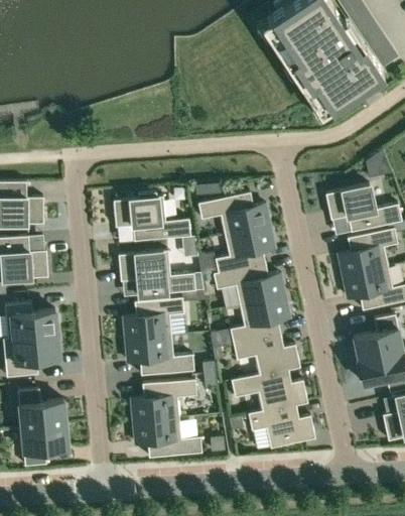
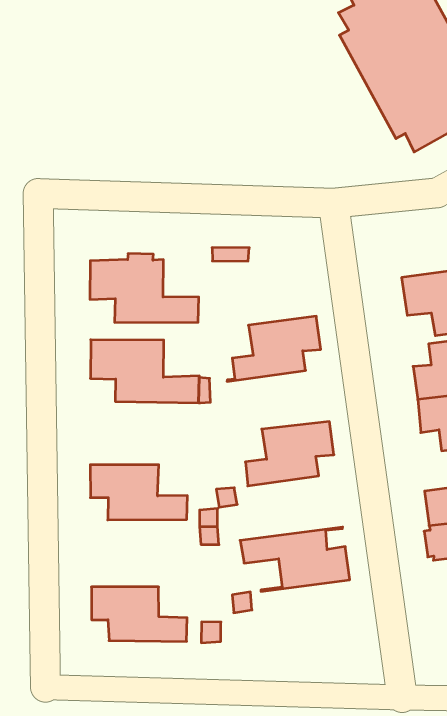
building: [198,192,270,236] -> none
building: [214,263,285,305] -> none
building: [124,297,184,340] -> none
building: [232,334,300,382] -> none
building: [132,380,191,422] -> none
building: [249,402,315,448] -> none

